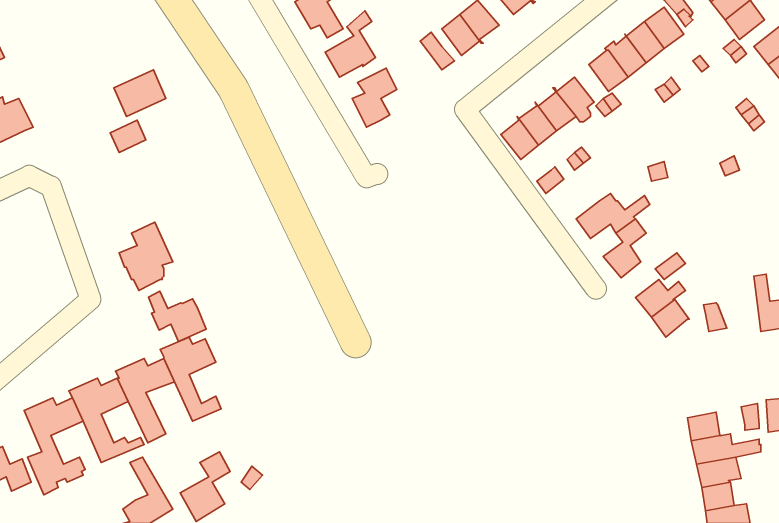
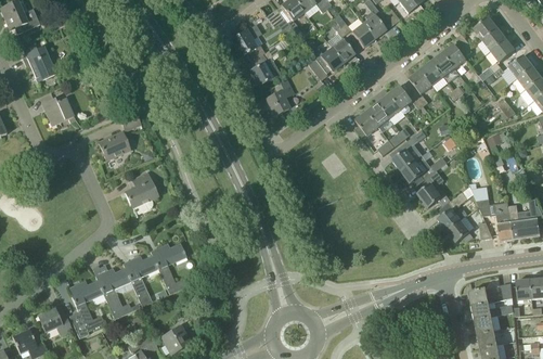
building: [114,70,166,117] -> [98,131,129,159]
building: none -> [392,129,426,170]
building: none -> [477,200,513,240]
building: [148,291,206,342] -> none

